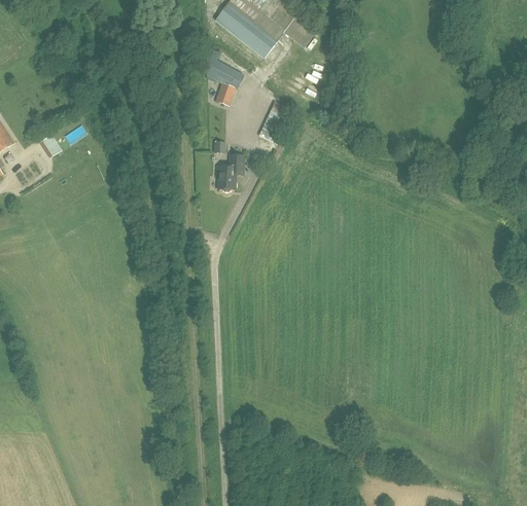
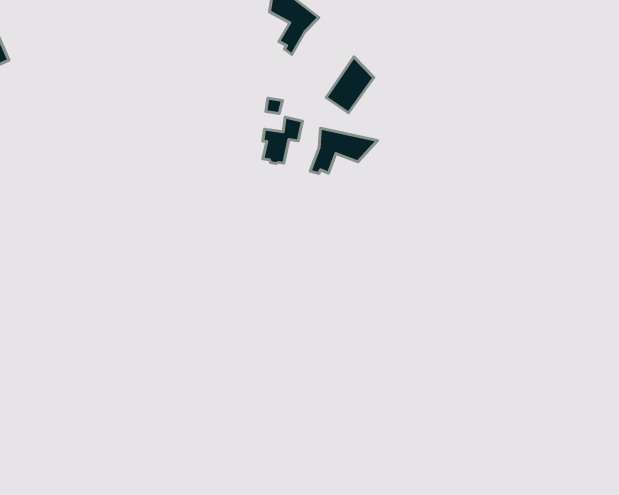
building: none -> [310,128,378,174]

